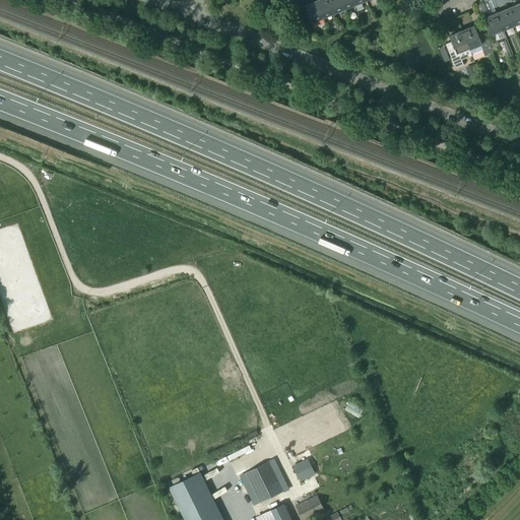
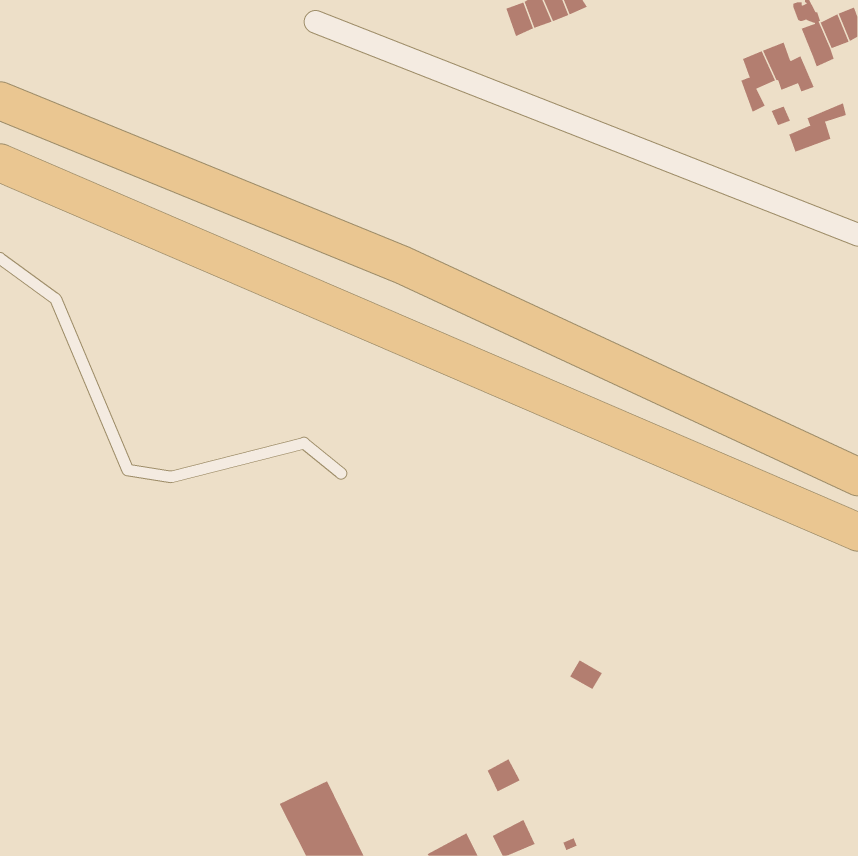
building: none -> [789,102,846,152]
building: [246,461,282,501] -> none

